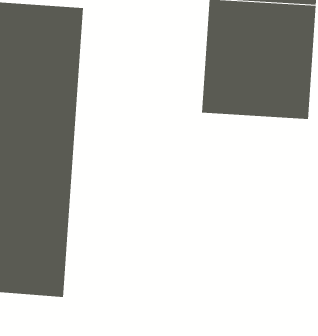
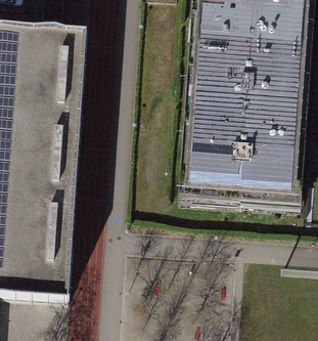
building: none -> [189,123,292,191]

